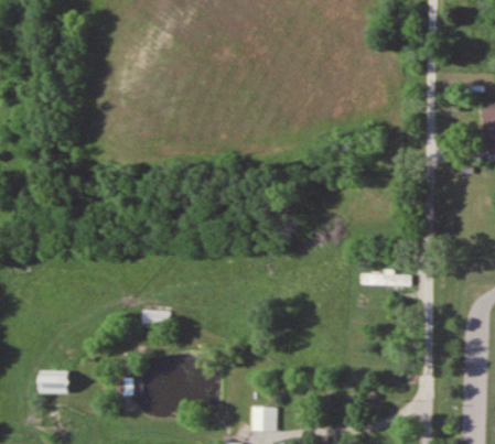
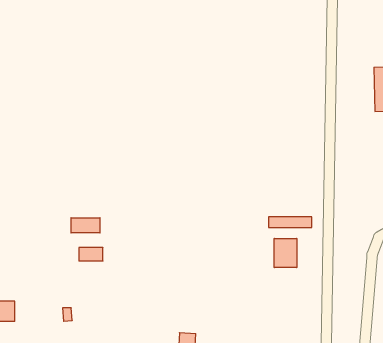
building: none -> [71,218,100,233]
building: none -> [274,238,297,268]

